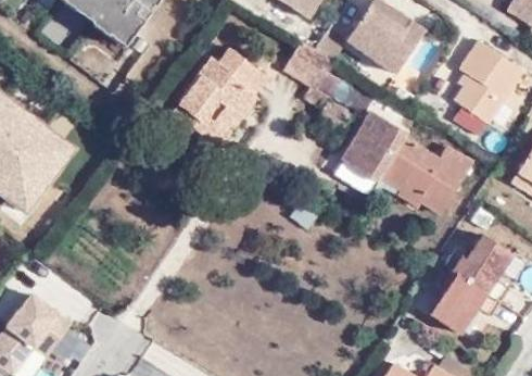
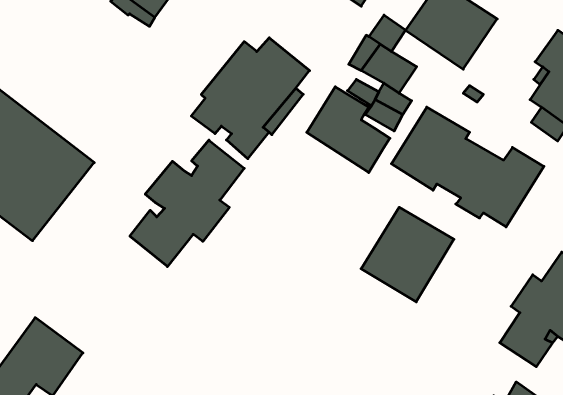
building: none -> [307,87,390,173]
building: none -> [130,140,244,267]
building: none -> [361,207,454,302]

